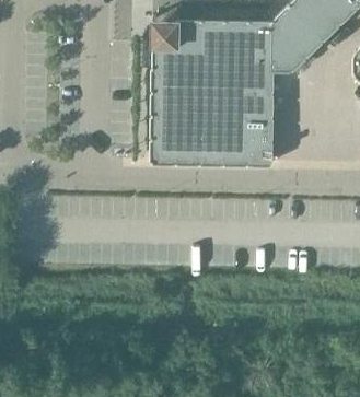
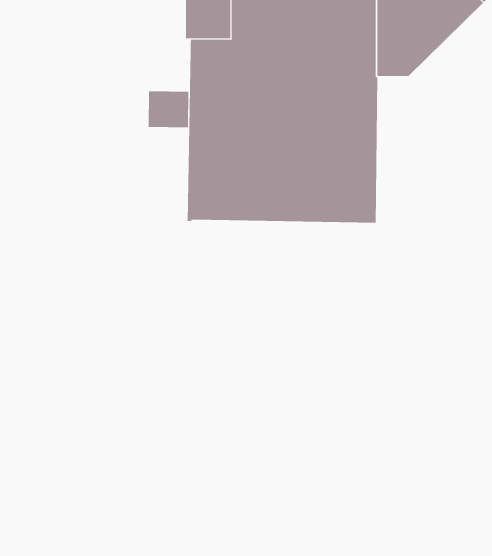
building: none -> [148,91,189,128]

